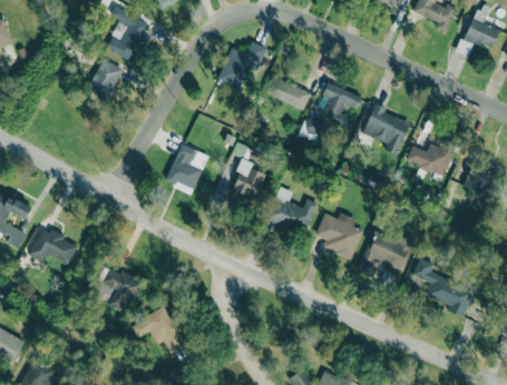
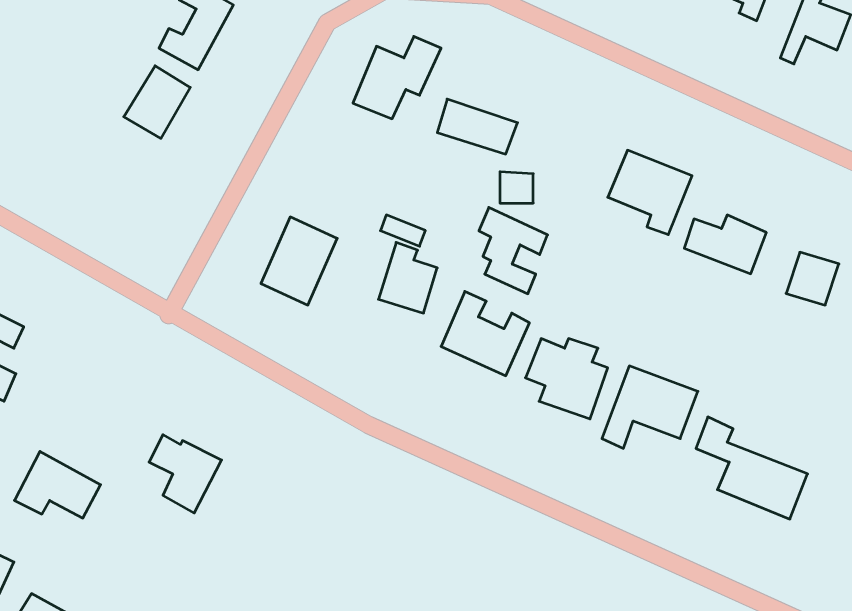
building: [322,81,361,130] -> [479,207,548,294]
building: [28,226,77,264] -> [14,451,101,518]
building: [144,305,186,353] -> none

